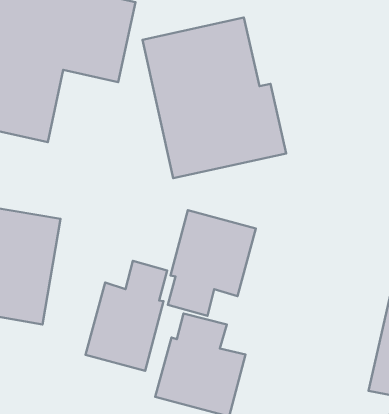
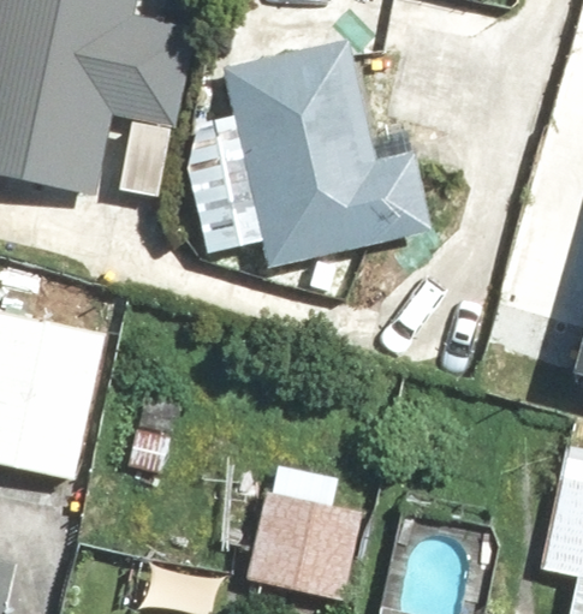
building: [168,210,256,316] -> none
building: [86,261,167,371] -> none

